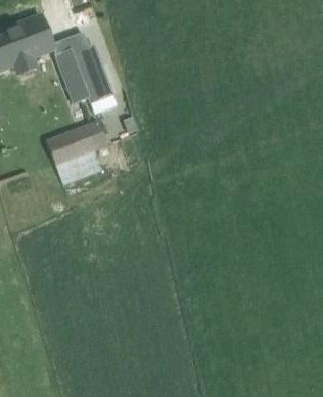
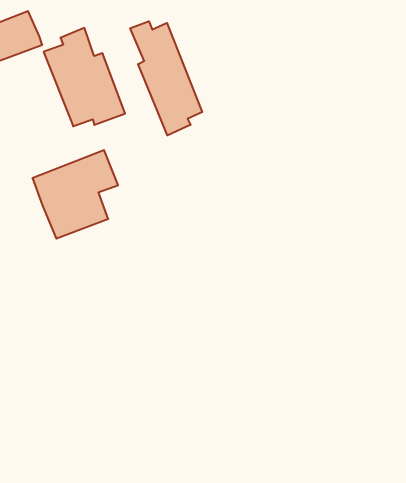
building: none -> [130,21,202,135]

